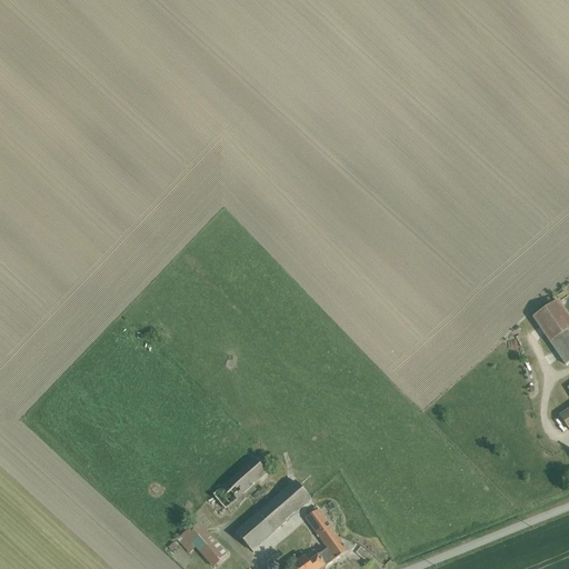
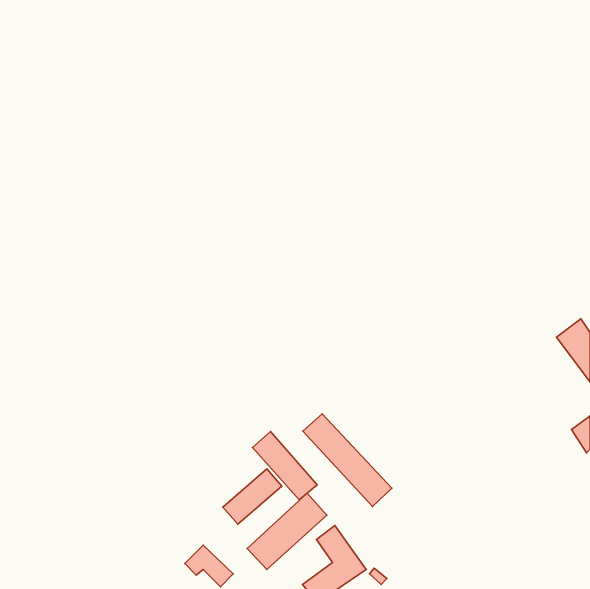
building: none -> [303,414,392,507]
building: none -> [253,431,317,500]

